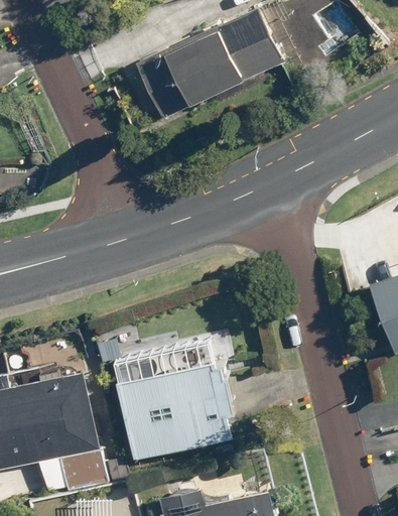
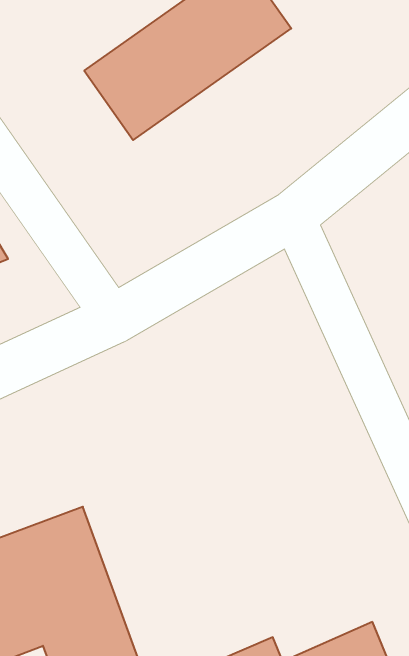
building: [114,343,236,461] -> none

